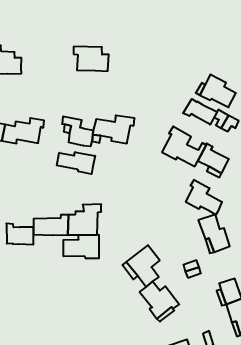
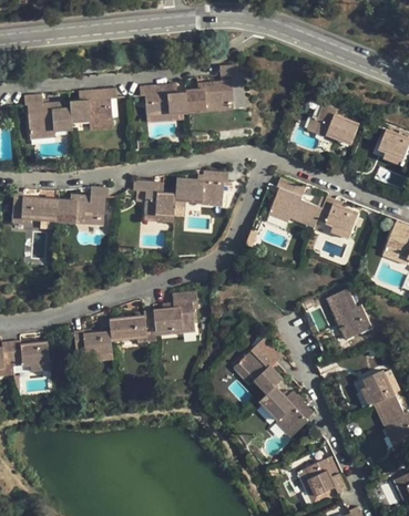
building: none -> [185,64,237,113]
building: none -> [70,89,116,123]
building: [183,99,217,125] -> none
building: [57,152,95,174] -> none
building: [186,180,222,215] -> none
building: [63,235,99,259] -> none

